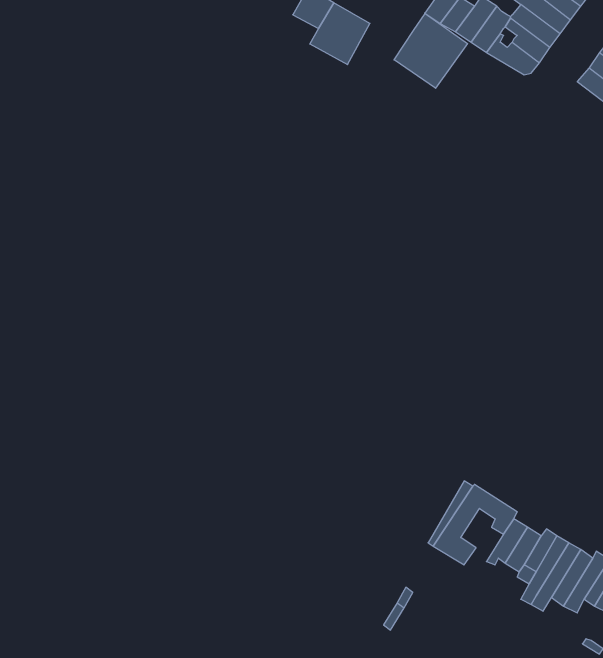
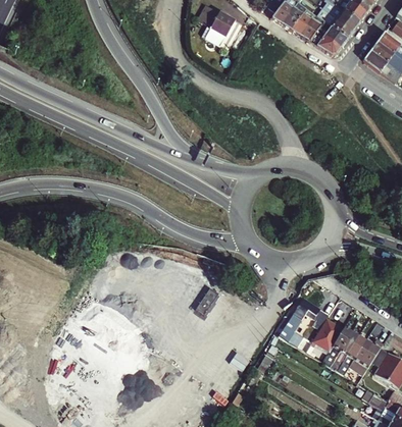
building: [394,13,468,88] -> none

